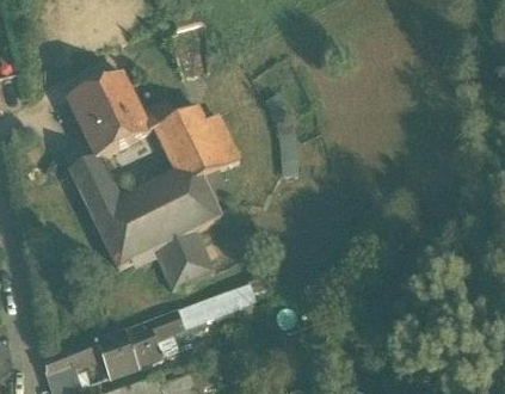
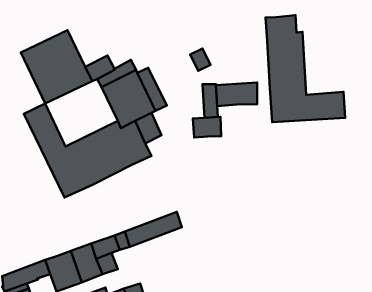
building: none -> [266,15,345,122]
building: none -> [216,83,257,106]
building: none -> [193,117,221,138]
building: [152,230,215,290] -> none

